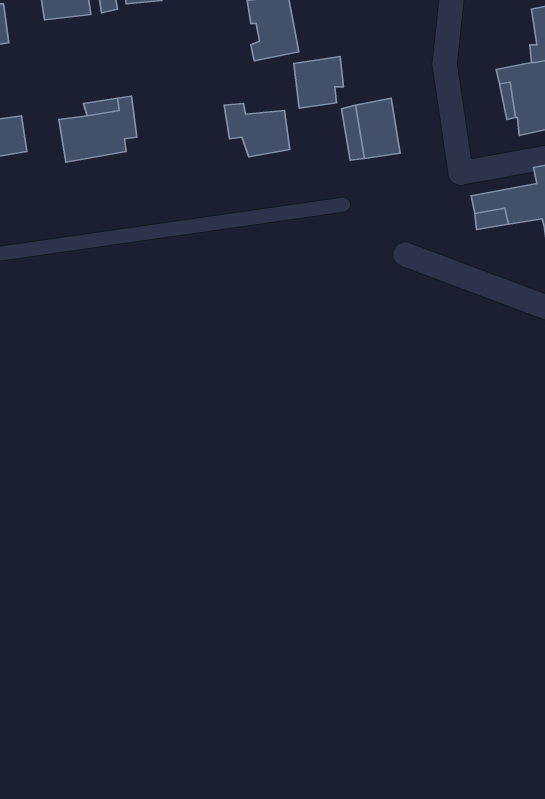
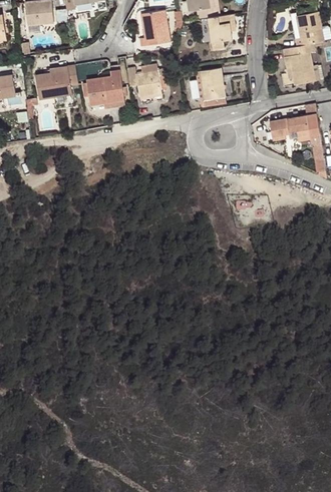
building: [294,57,344,108] -> [207,14,235,43]
building: none -> [86,71,126,106]

